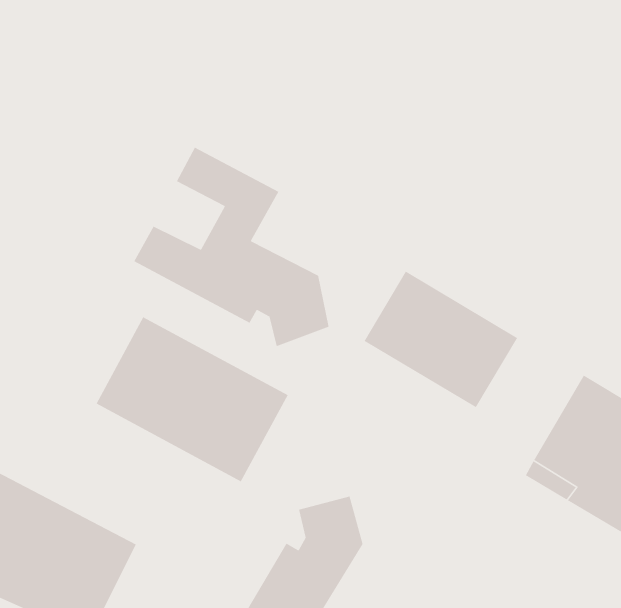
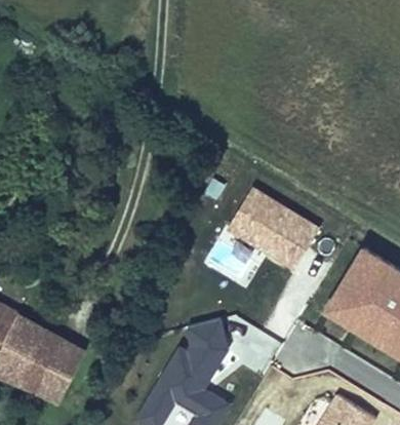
building: [133,146,330,347] -> none
building: [95,316,289,483] -> none

